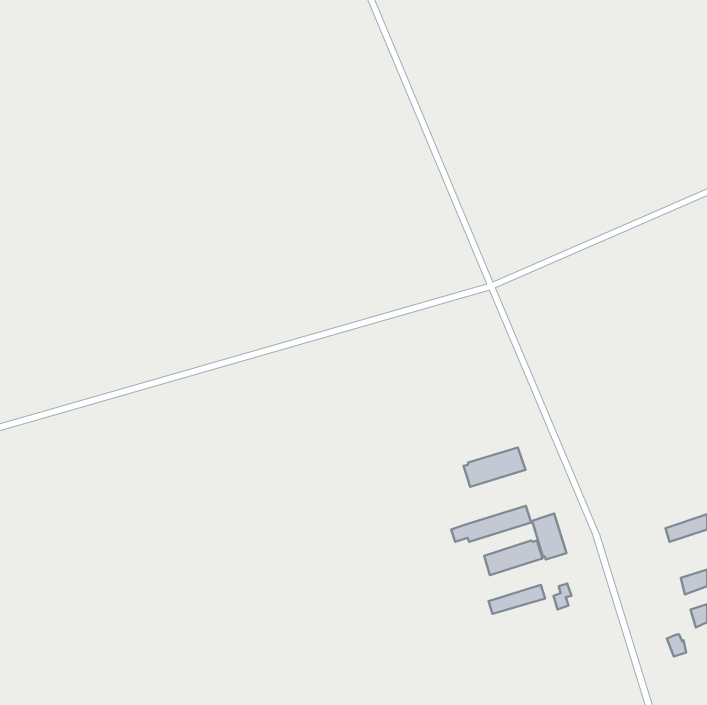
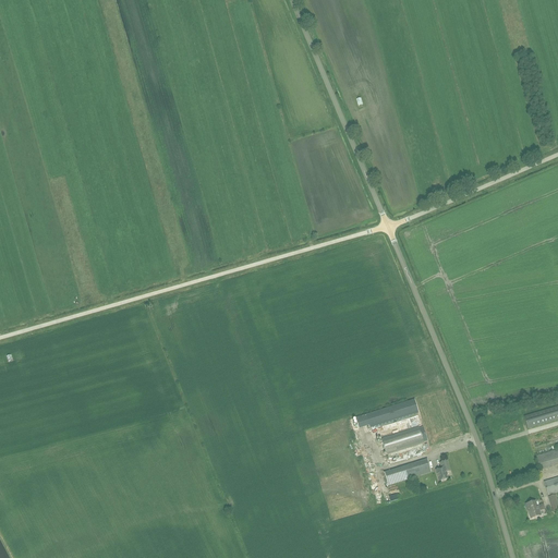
building: [464,448,525,487] -> none
building: [532,514,567,560] -> none

